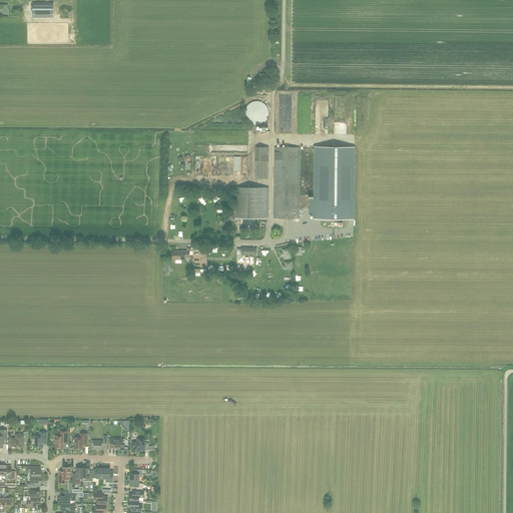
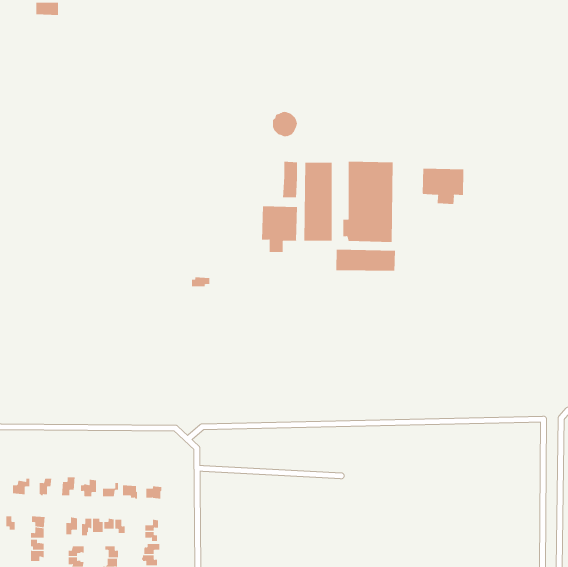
building: none -> [421,168,464,205]
building: none -> [336,249,396,271]

